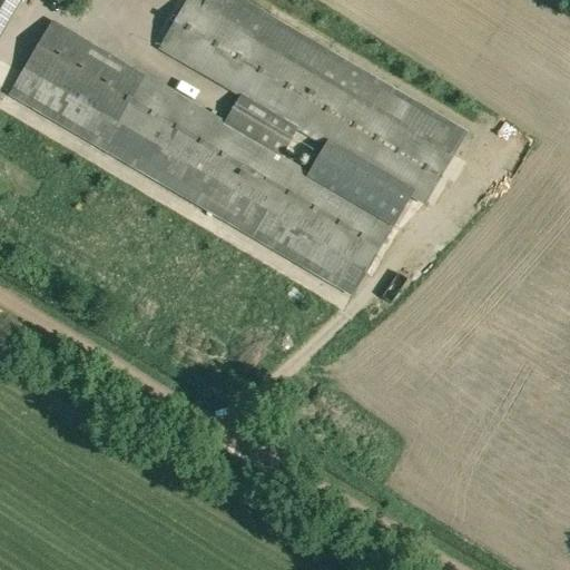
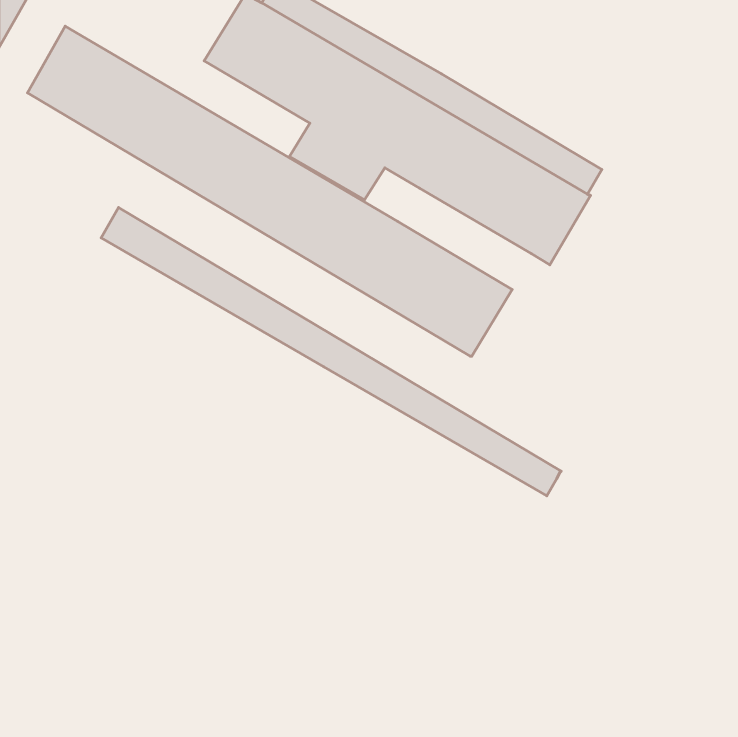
building: [8,71,362,293] -> [101,208,561,496]
building: [306,145,409,223] -> none

